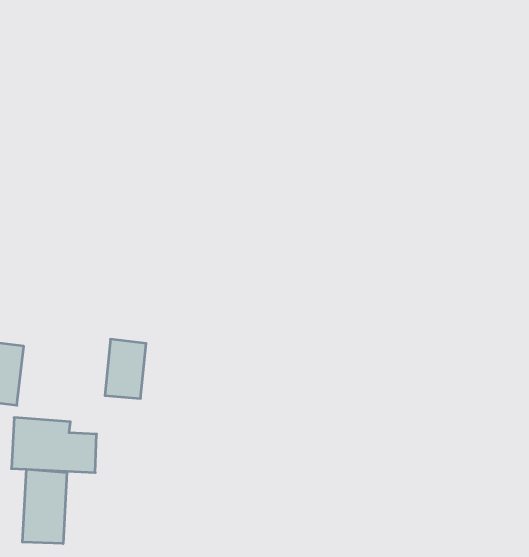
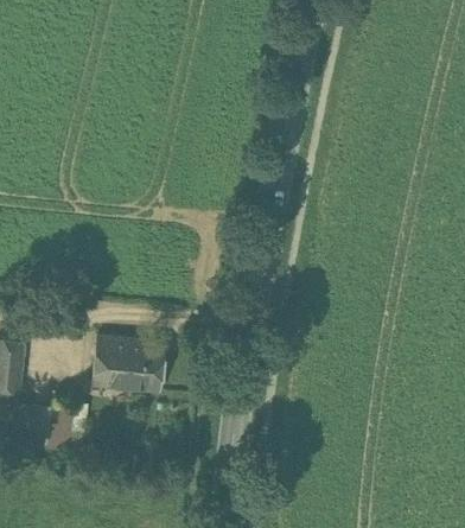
building: none -> [125,342,163,392]
building: [22,469,67,544] -> none

